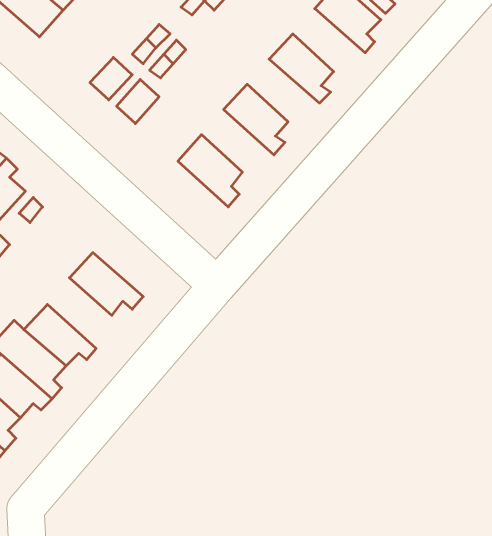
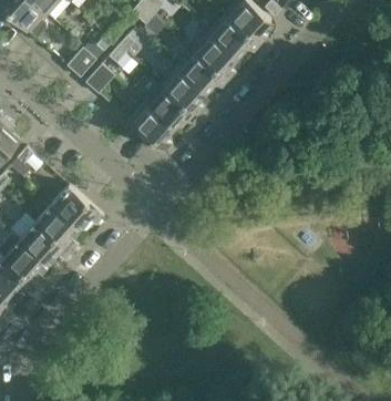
building: none -> [209,12,260,56]
building: none -> [177,48,228,92]
building: none -> [145,83,196,127]
building: none -> [37,202,82,251]

